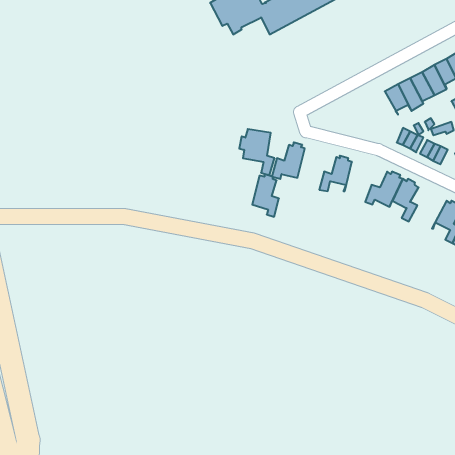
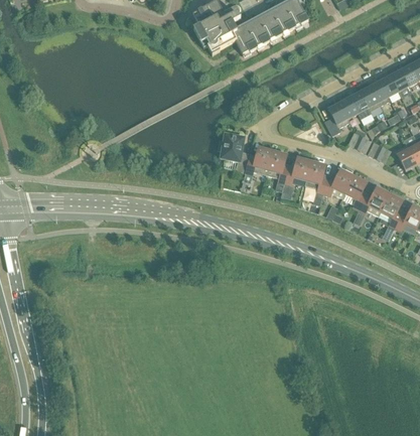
building: none -> [324,102,349,135]
building: none -> [305,159,327,193]
building: [252,174,279,217] -> [266,148,288,183]
building: none -> [359,186,390,215]

